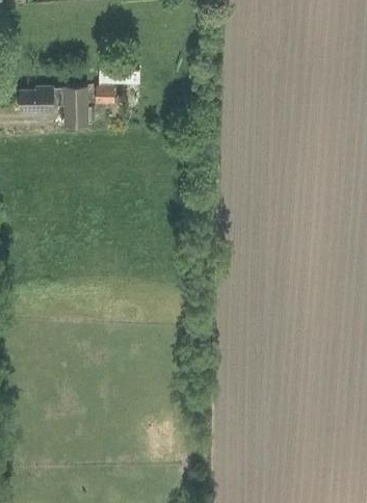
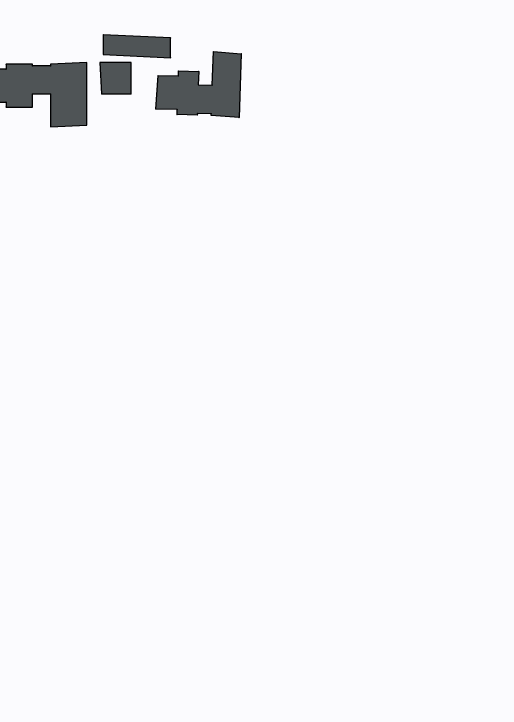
building: none -> [156,52,241,118]

